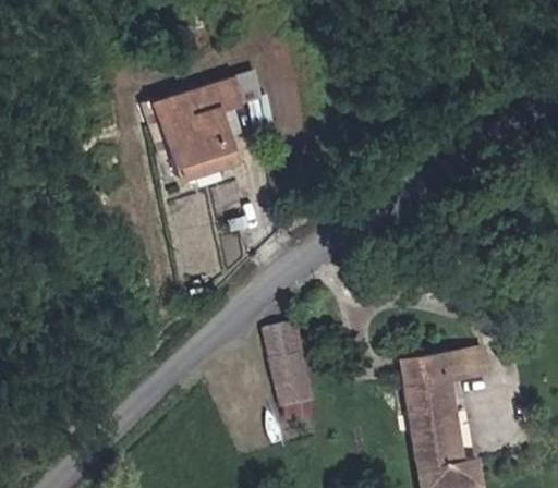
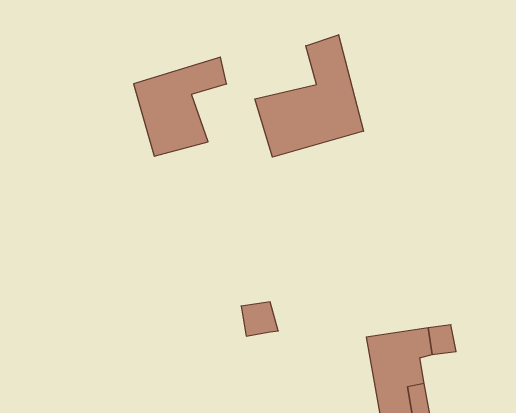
building: none -> [255,35,364,157]
building: [272,358,308,430] -> none

